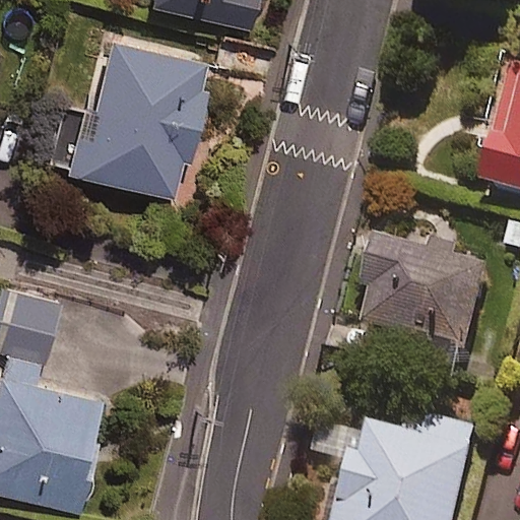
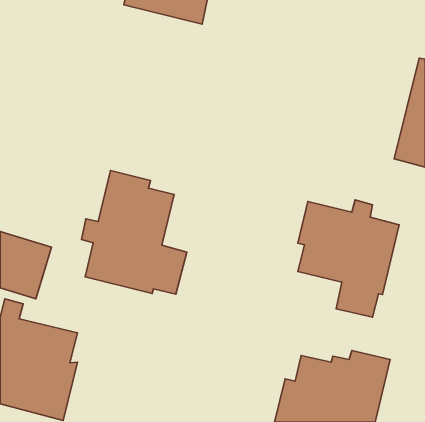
building: [67,37,209,198] -> none
building: none -> [82,171,187,294]

